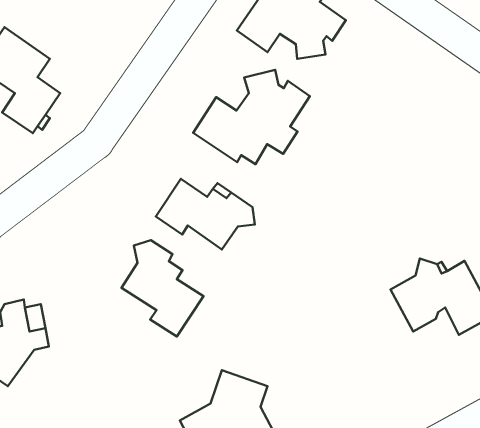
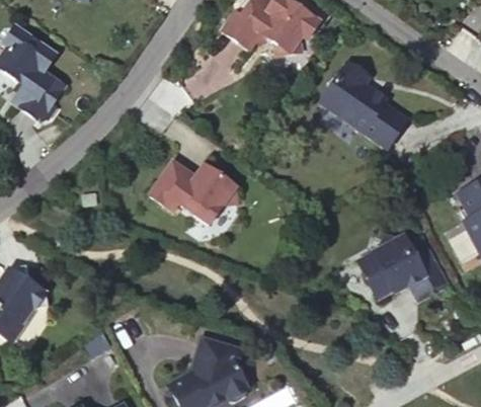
building: none -> [317,61,405,148]
building: [193,70,310,164] -> none
building: [122,240,204,336] -> none

